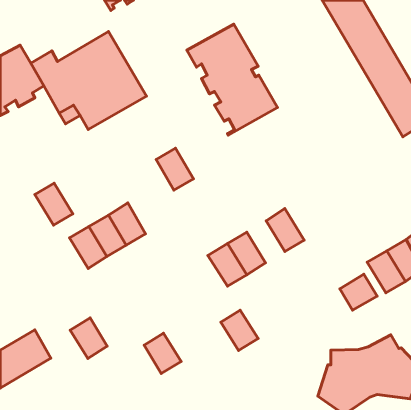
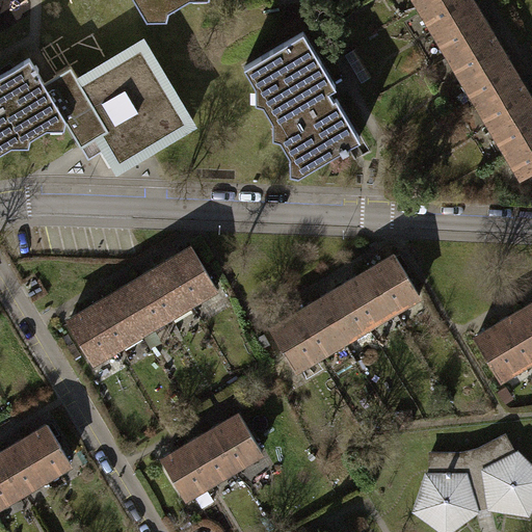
building: [156,148,193,190] -> [167,250,215,304]
building: [35,183,73,225] -> [68,310,116,364]
building: none -> [369,258,419,313]
building: none -> [320,288,369,342]
building: [340,274,377,310] -> none
building: [221,310,258,351] -> [213,417,261,469]
building: [70,318,107,358] -> [162,448,210,500]

